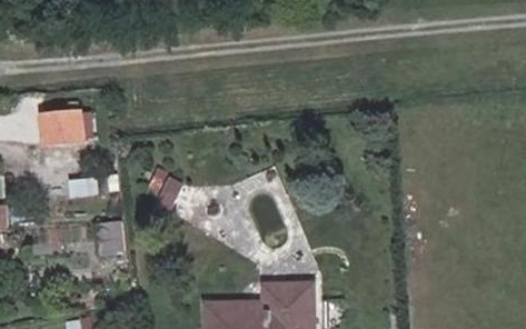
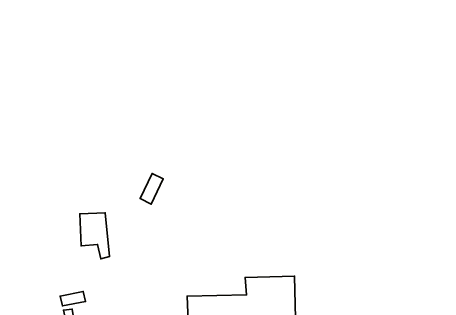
building: [42,112,85,144] -> none

